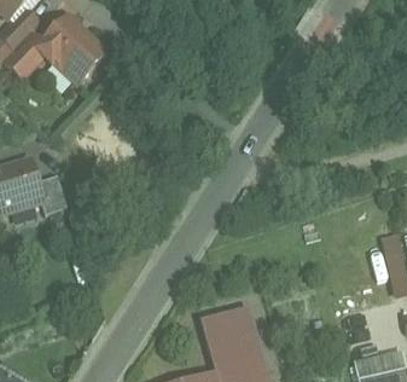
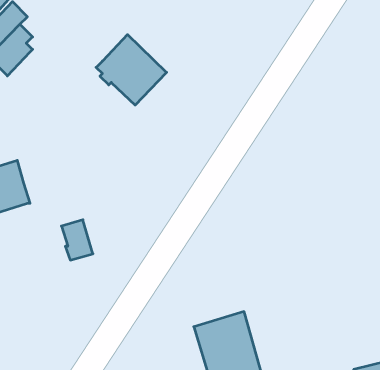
building: [39,15,106,82] -> [96,35,167,105]
building: [36,174,66,213] -> [61,220,93,260]

